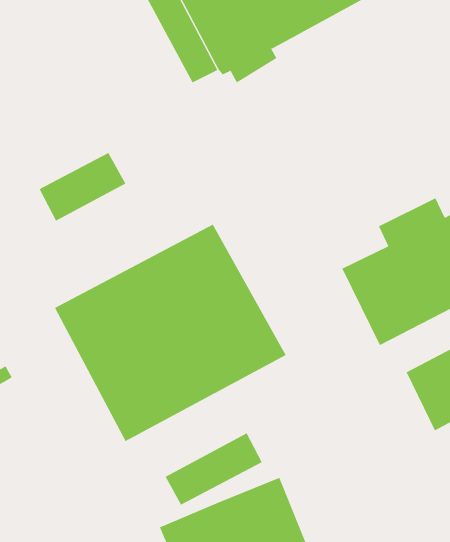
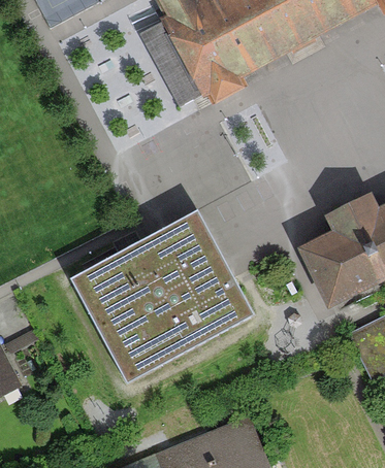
building: [39,152,126,221] -> none
building: [165,432,262,506] -> none

